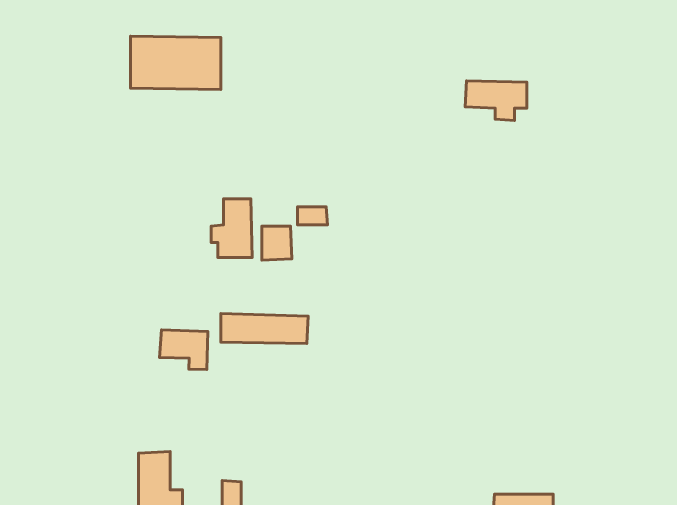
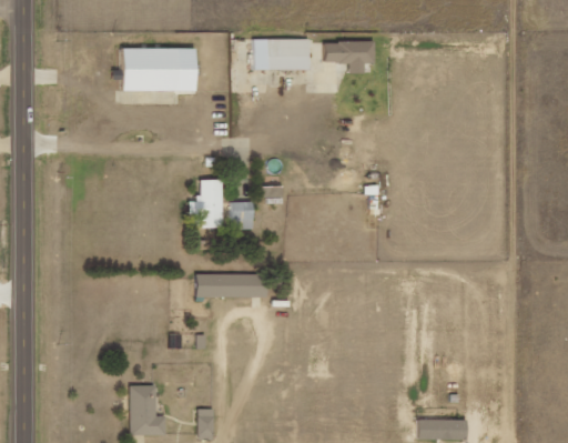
building: none -> [253,39,308,70]
building: [465,81,527,120] -> [324,41,374,73]
building: [159,330,208,370] -> none

